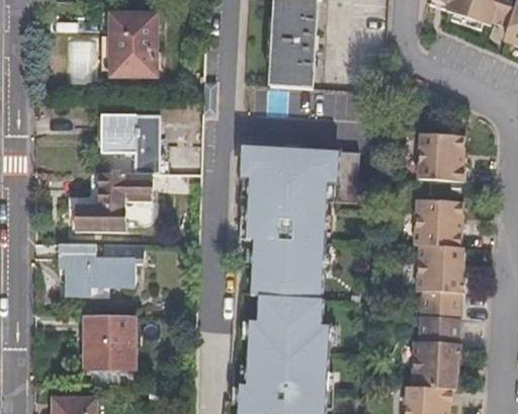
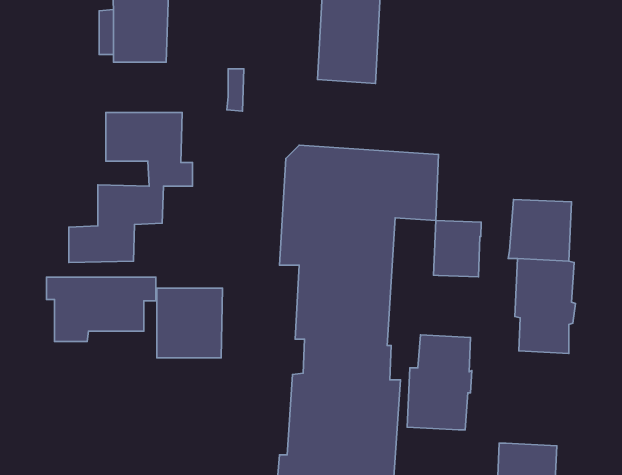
building: [420,118,464,168] -> none
building: none -> [434,220,481,277]
building: [412,302,461,375] -> [407,335,472,430]
building: [84,317,135,370] -> [157,288,223,358]

